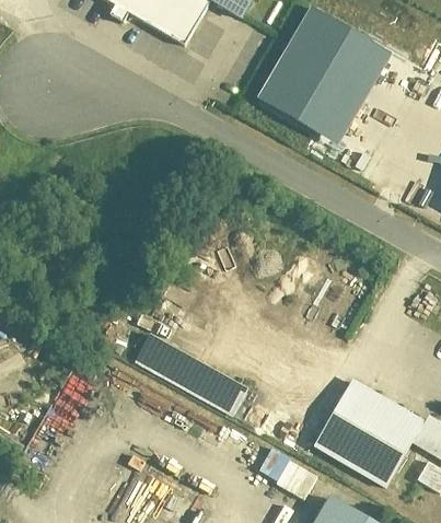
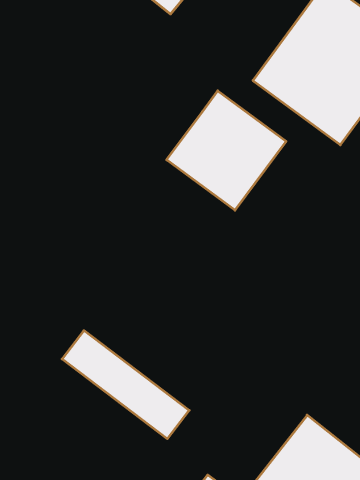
building: none -> [167,91,286,210]

